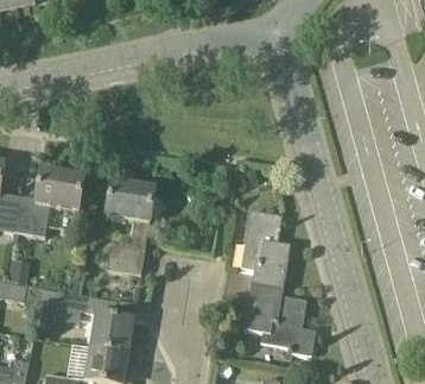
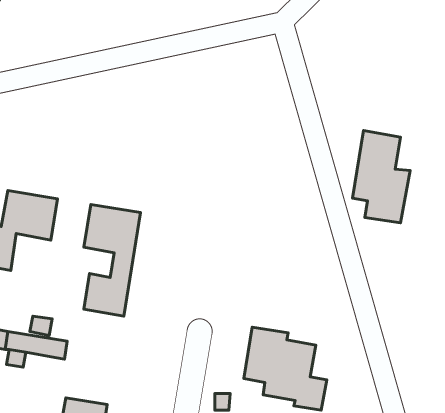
building: [241,210,291,290] -> [352,130,410,223]
building: [91,313,134,352] -> none

